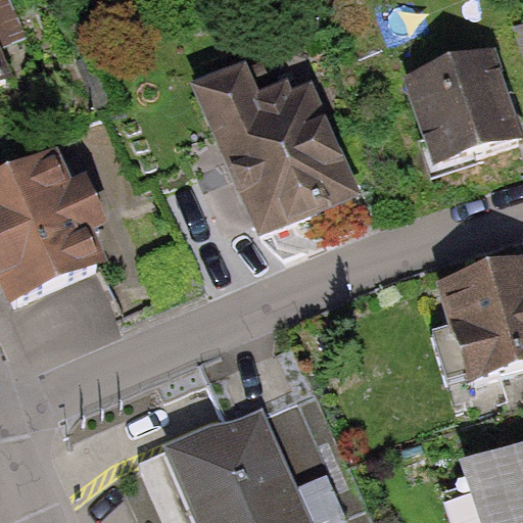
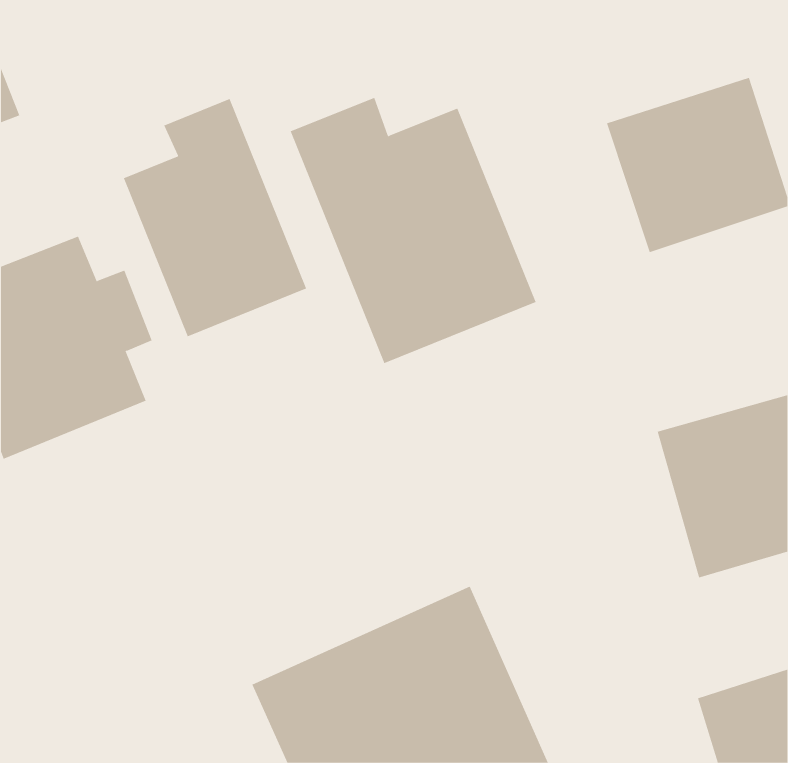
building: none -> [123,98,307,337]

